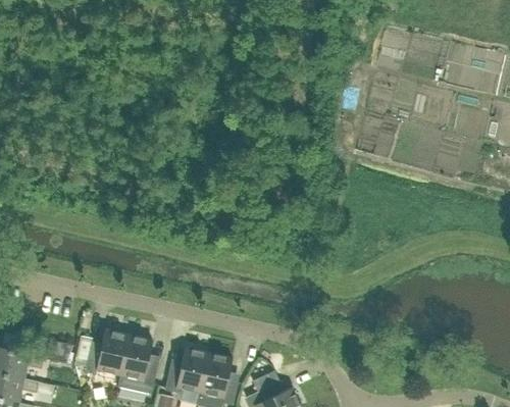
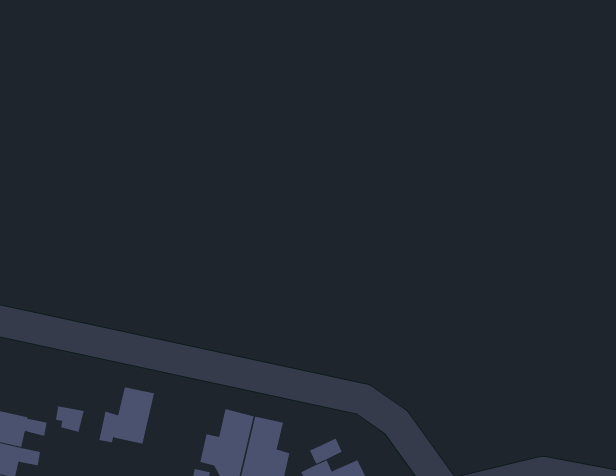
building: [117,335,157,395] -> none

